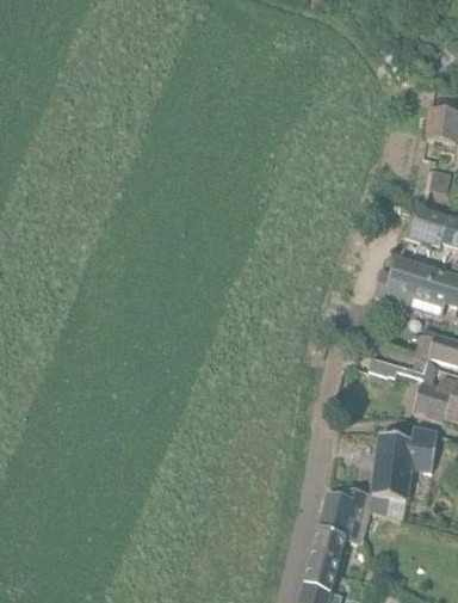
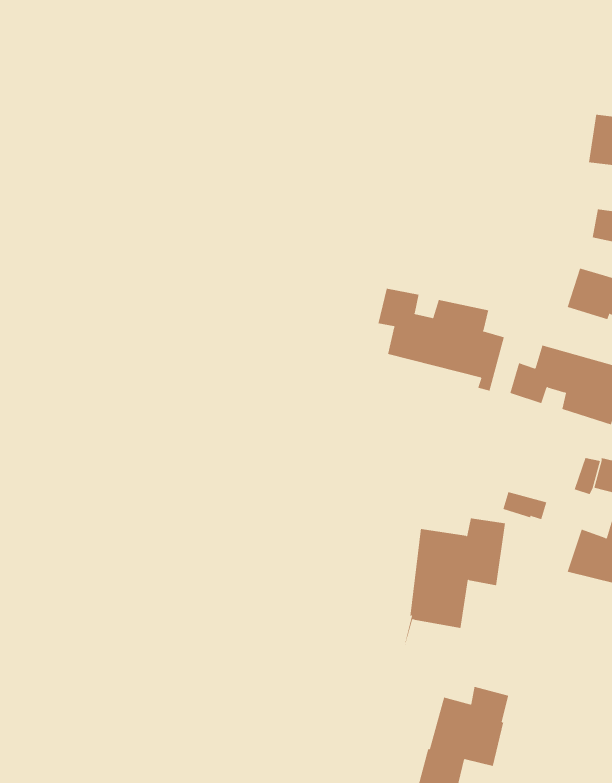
building: none -> [378,288,504,391]
building: [369,425,437,510] -> [404,518,506,645]

